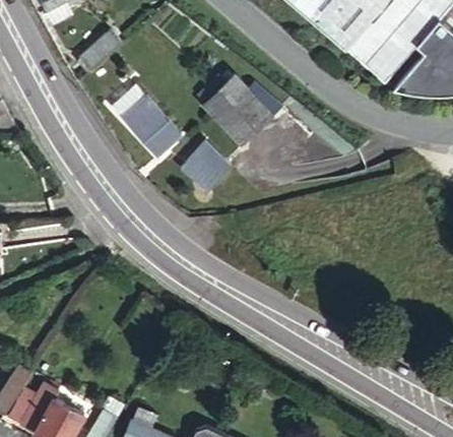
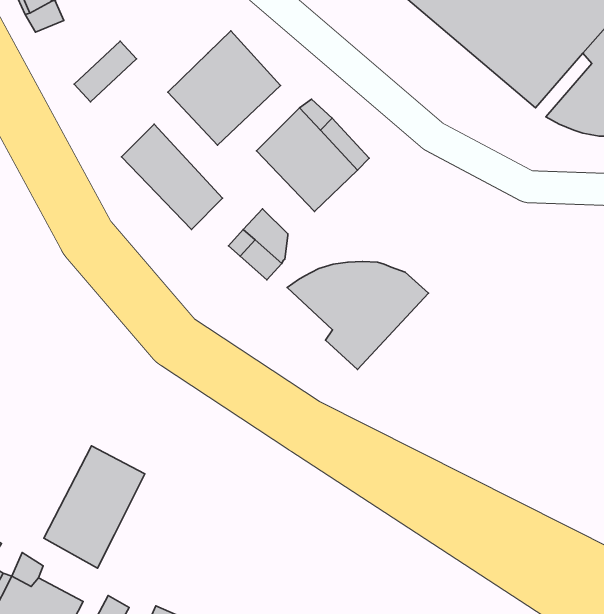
building: none -> [168,31,281,145]
building: none -> [287,262,429,369]
building: none -> [44,446,145,568]

